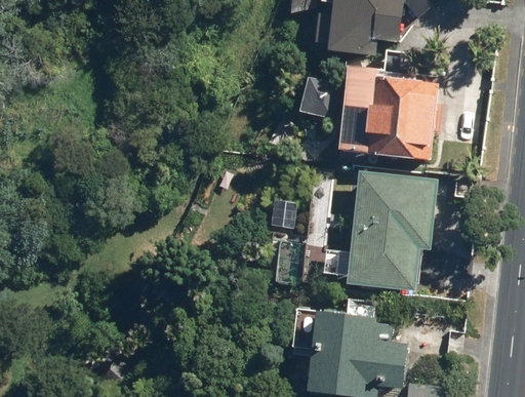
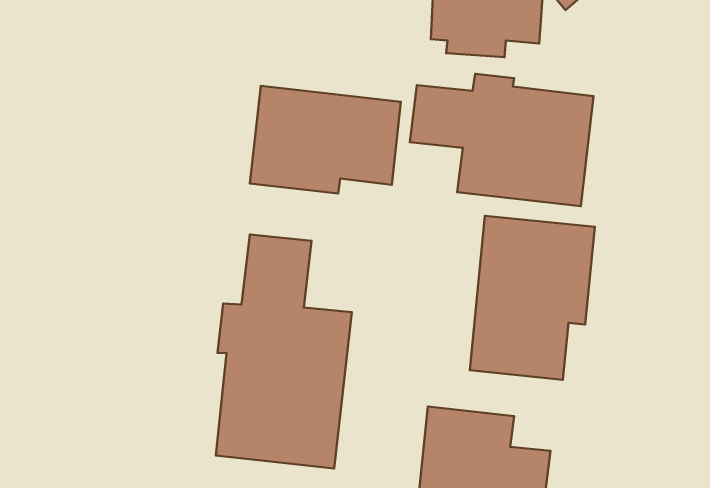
building: none -> [250,86,401,193]
building: none -> [216,234,352,469]

